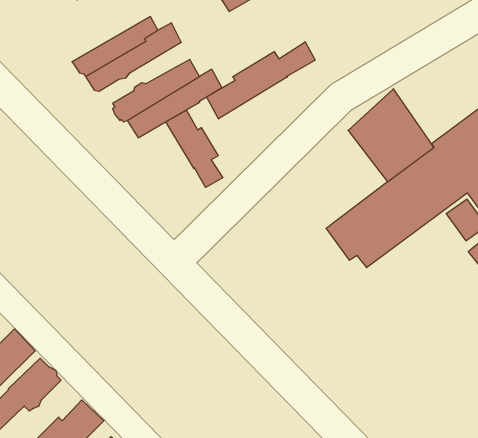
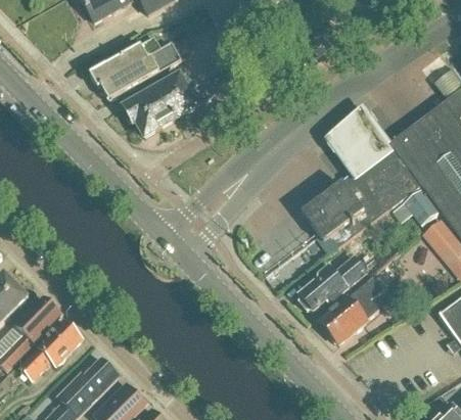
building: [206,42,315,119] -> none
building: [166,110,223,187] -> none
building: none -> [301,256,369,312]
building: none -> [320,275,383,341]

